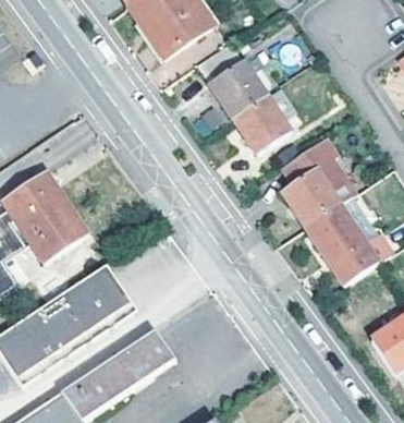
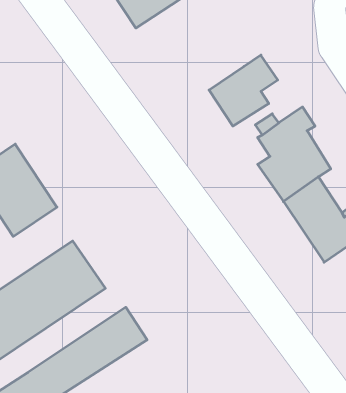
building: [196,41,267,119] -> none

